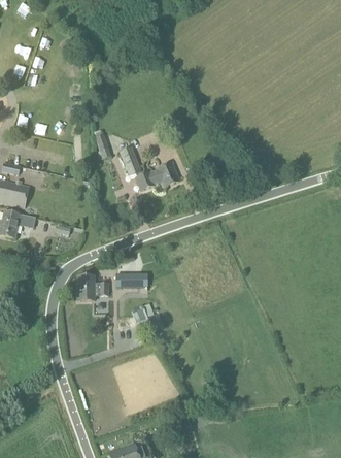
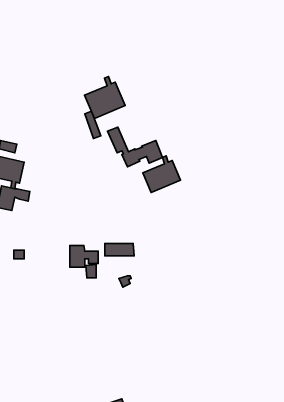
building: none -> [85,76,125,119]
building: none -> [143,156,180,193]

